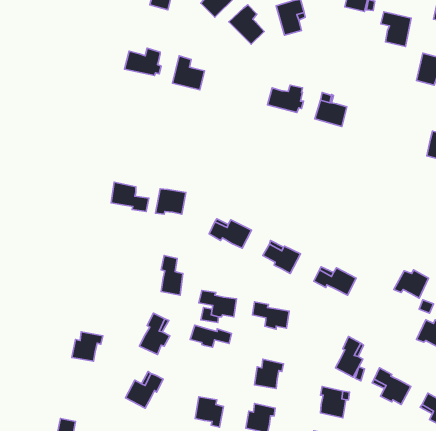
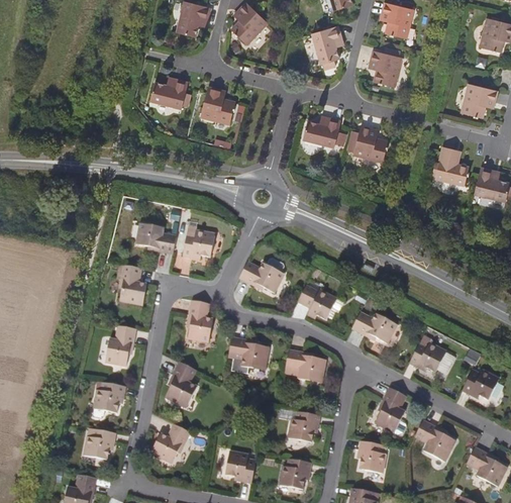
building: [229,5,264,44] -> none
building: [381,12,411,47] -> [369,49,401,87]
building: none -> [431,145,468,183]
building: none -> [120,265,147,306]
building: [394,270,429,298] -> [408,341,445,372]
building: none -> [106,326,136,366]
building: [190,325,232,347] -> none
building: none -> [82,429,114,460]

